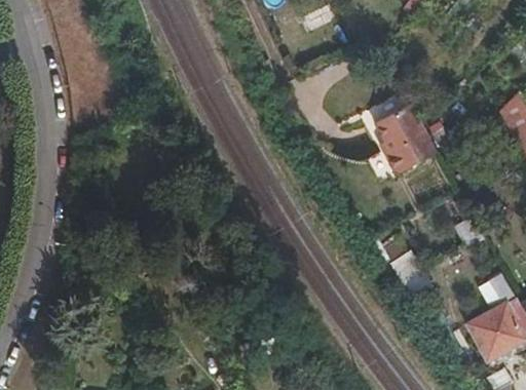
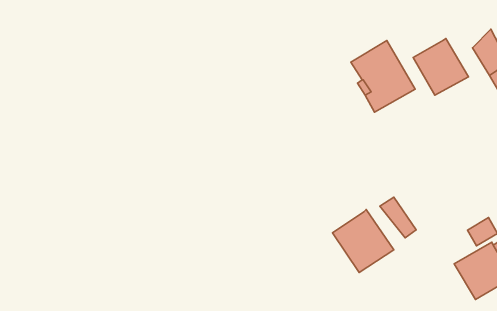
building: none -> [413,38,468,95]
building: none -> [333,210,394,272]

